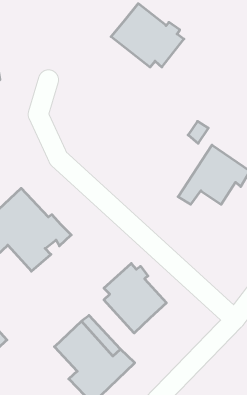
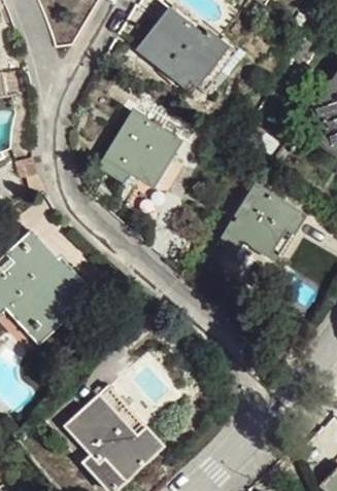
building: none -> [100,111,175,181]
building: [104,263,166,333] -> none

